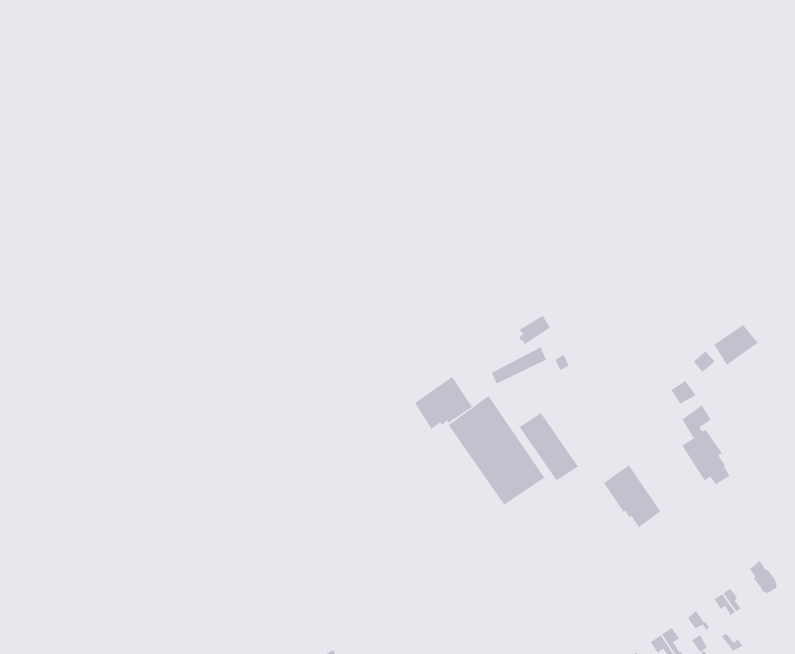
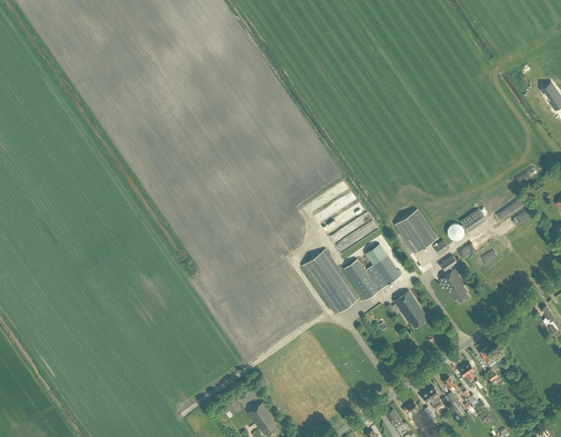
building: none -> [395,209,437,252]
building: [414,376,473,430] -> none
building: none -> [365,244,401,289]

